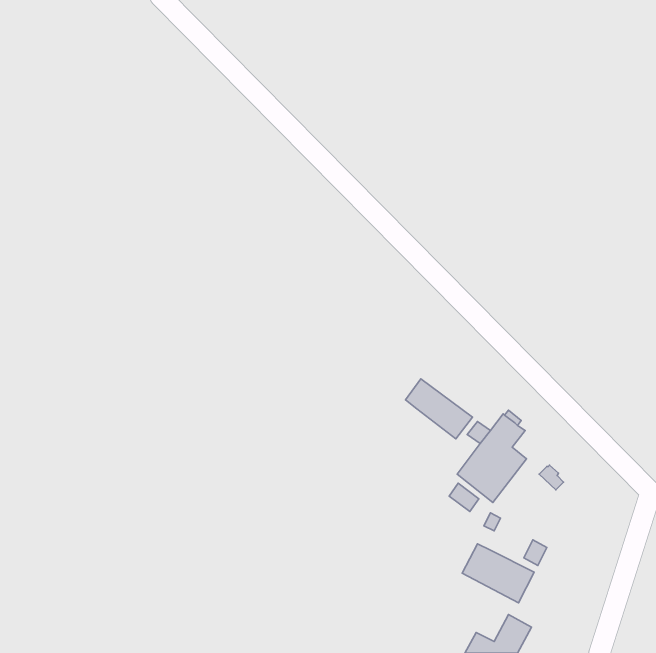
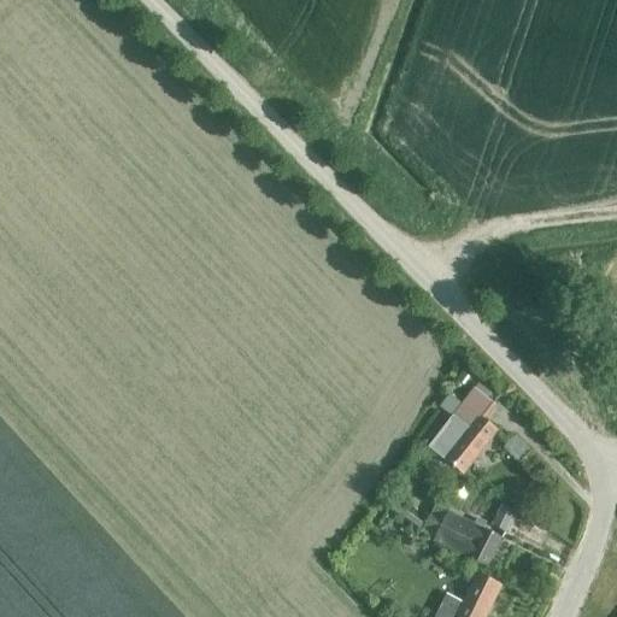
building: [405,379,472,439] -> none

